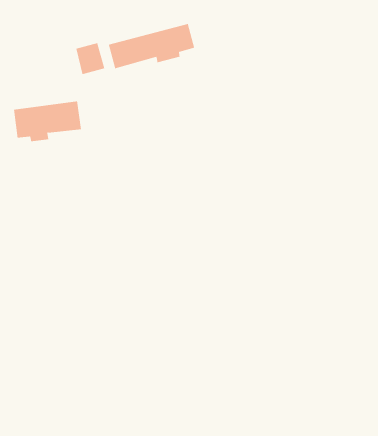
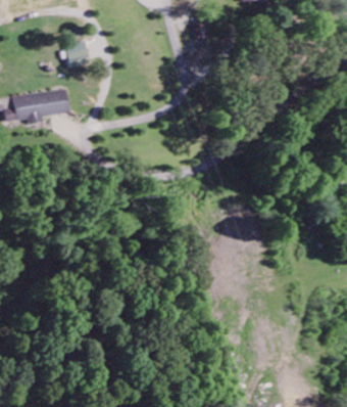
building: [108,23,195,69] -> none

